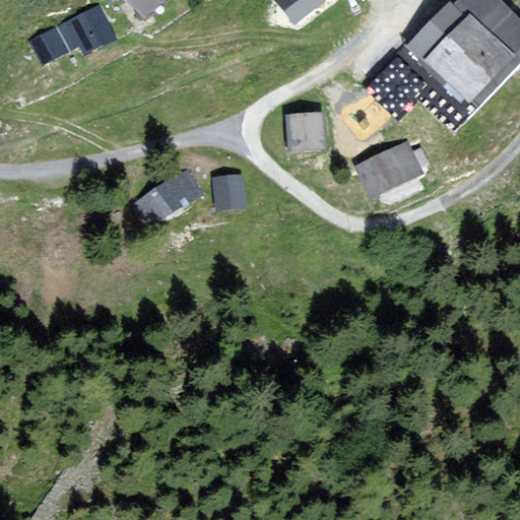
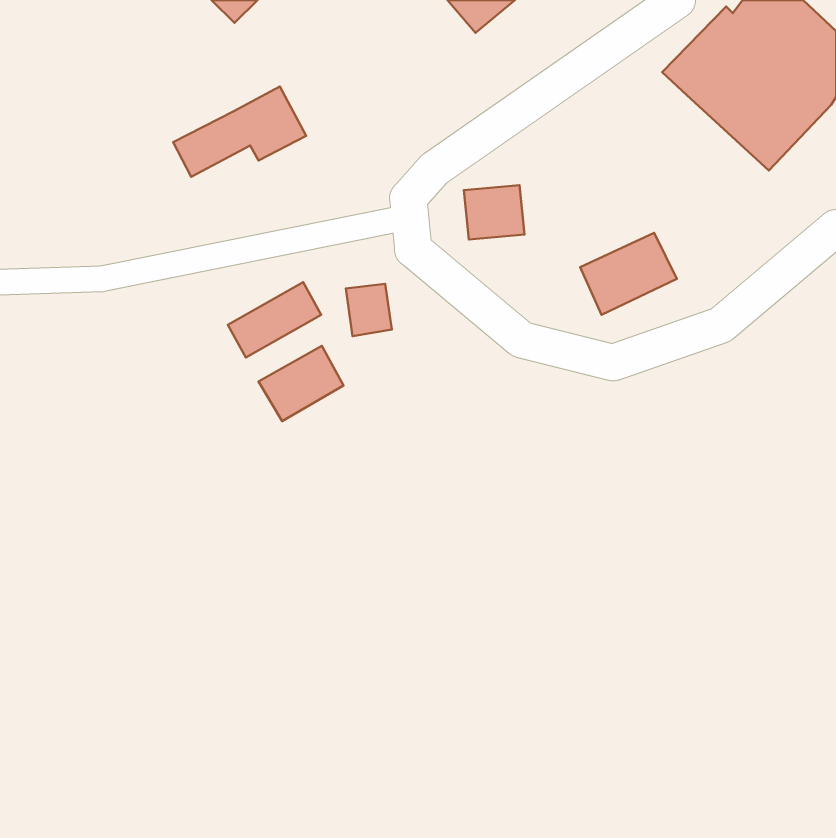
building: [31,6,114,62] -> [173,87,306,177]
building: none -> [259,346,344,421]

